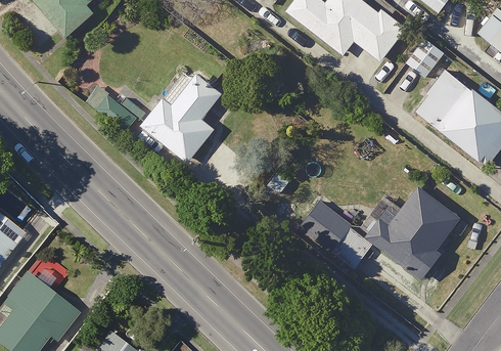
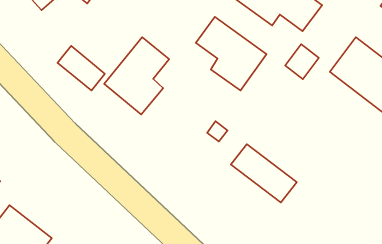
building: [406,37,447,79] -> [285,44,319,79]
building: none -> [196,17,267,90]
building: [358,185,461,279] -> none

